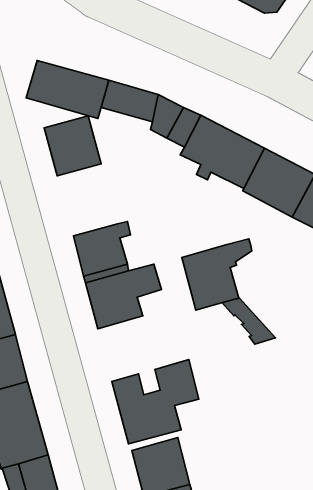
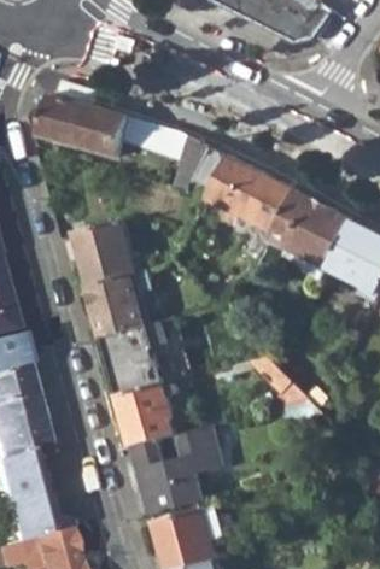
building: [44,116,101,176] -> [76,221,139,287]
building: [182,239,252,310] -> [117,369,194,447]

